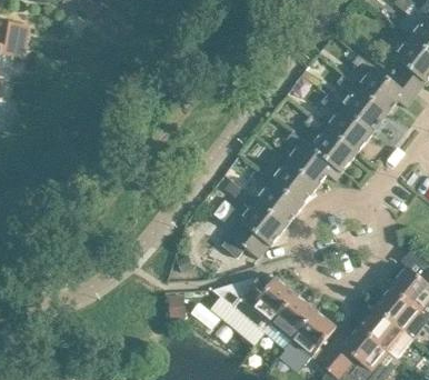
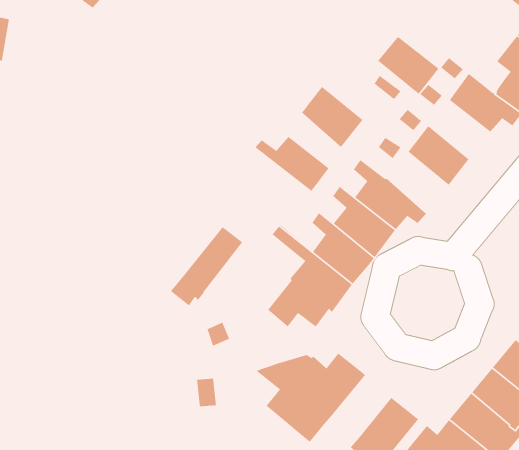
building: [342,87,389,131] -> [377,36,439,95]
building: none -> [254,110,329,192]
building: [311,126,358,172] -> [301,86,363,148]
building: none -> [170,226,243,307]
building: [271,293,315,340] -> none

